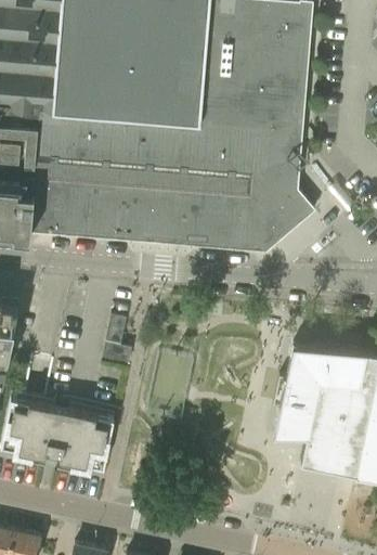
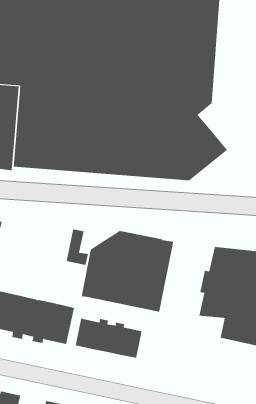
building: none -> [81,230,174,312]
building: none -> [75,318,142,359]

